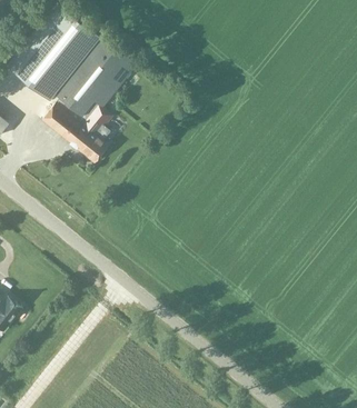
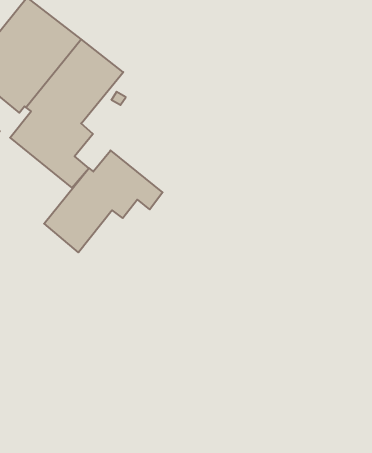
building: none -> [44,150,163,252]

